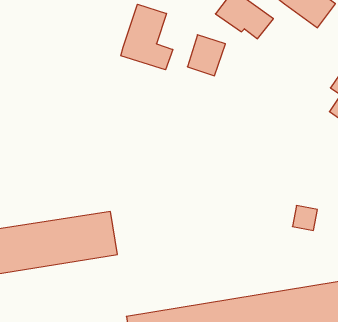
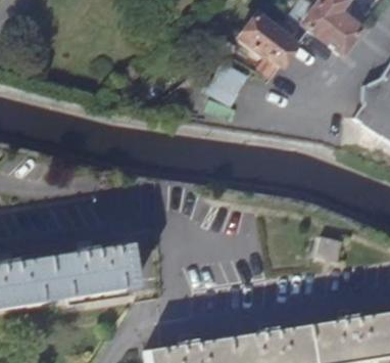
building: [121,4,173,70] -> none

